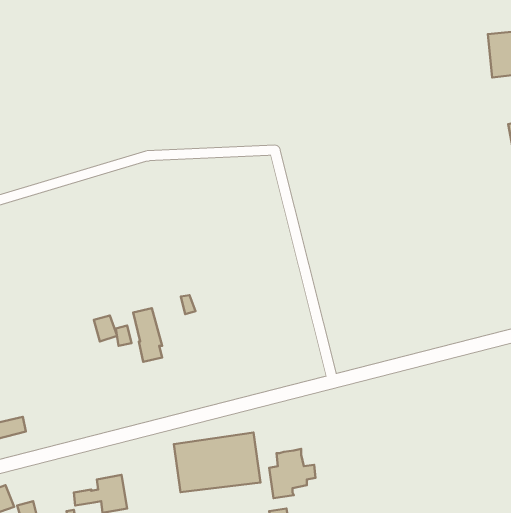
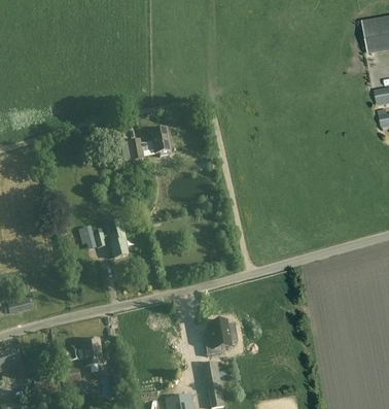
building: none -> [129,127,171,159]
building: [174,433,260,492] -> none

